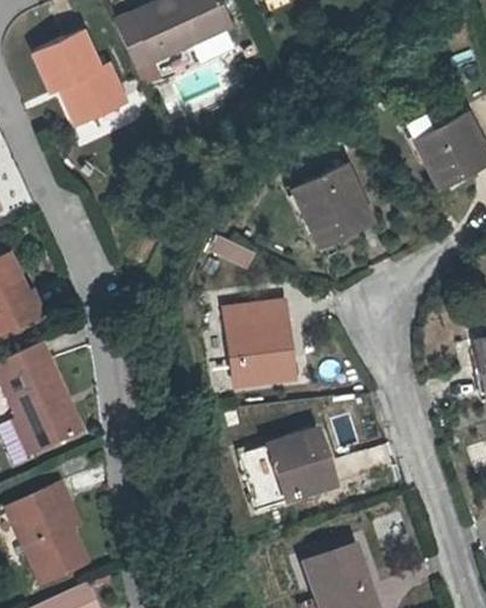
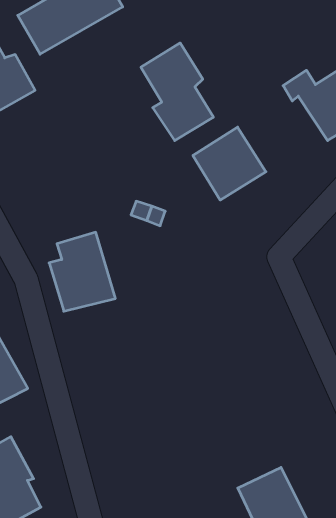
building: none -> [141,43,213,141]
building: [228,294,297,378] -> [49,232,115,311]
building: [240,430,335,511] -> none

